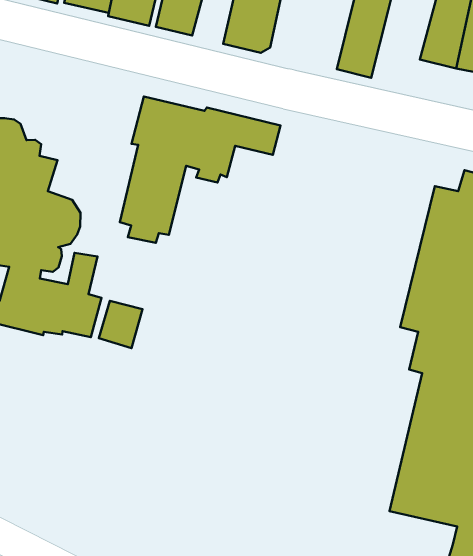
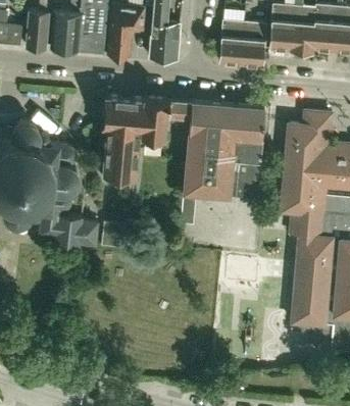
building: none -> [241,23,266,67]
building: none -> [180,102,264,225]

